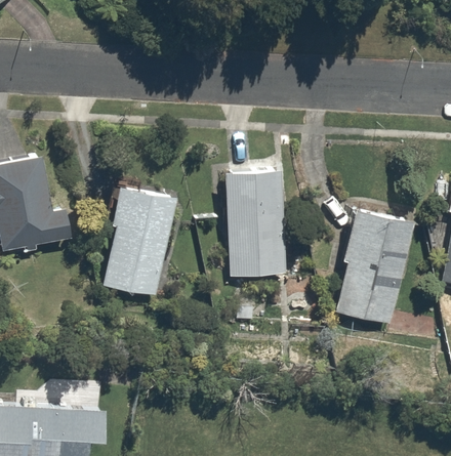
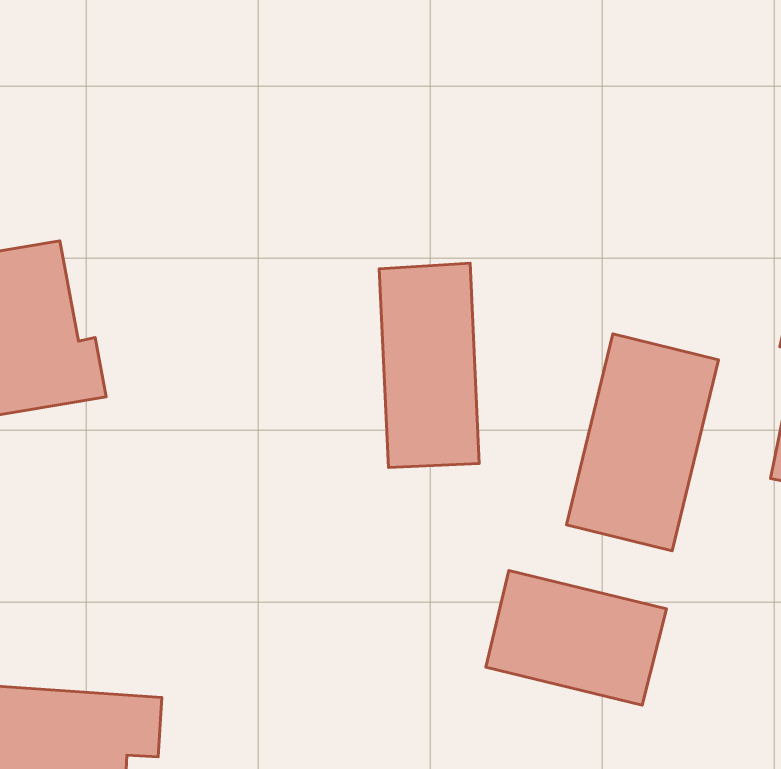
building: [102,186,177,297] -> none
building: none -> [486,570,667,705]

